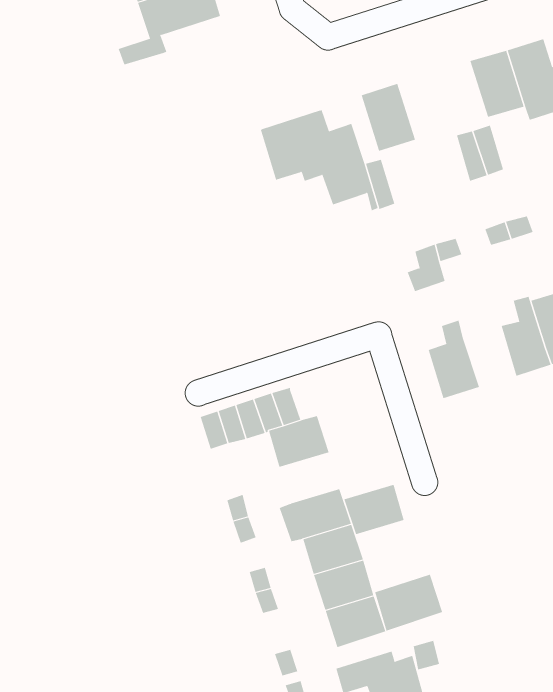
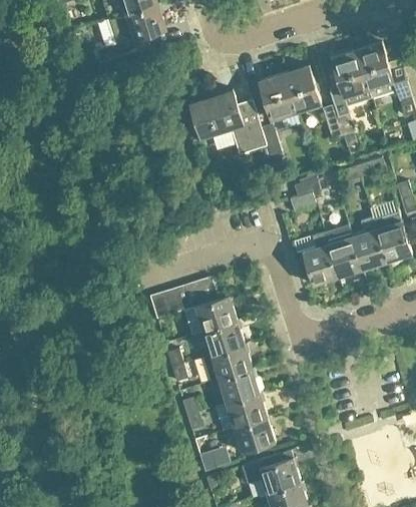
building: none -> [283,65,320,110]
building: none -> [327,235,362,277]
building: [344,484,405,535] -> [202,321,244,355]
building: [375,574,443,631] -> none

